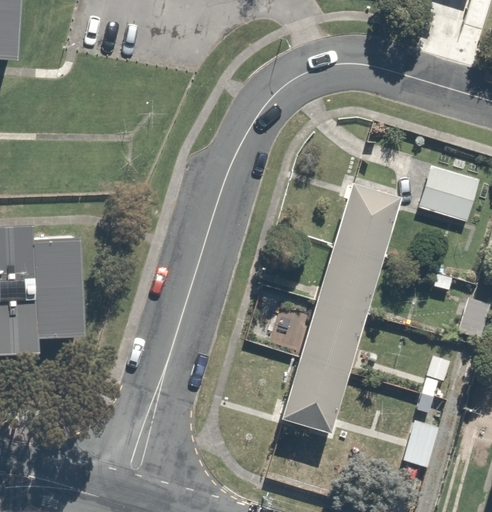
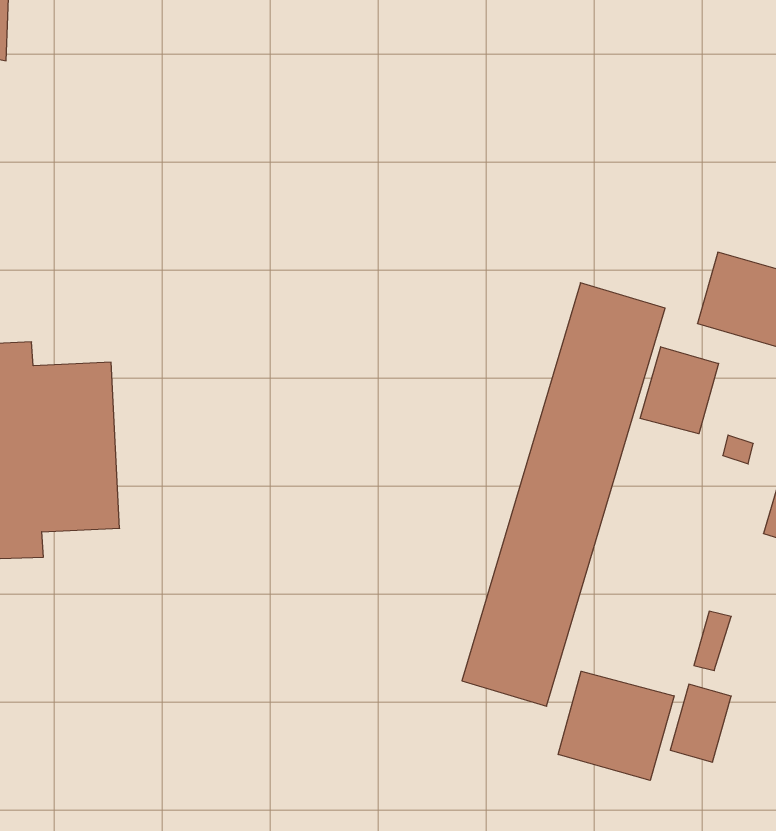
building: none -> [640,347,719,434]
building: none -> [558,671,674,780]

